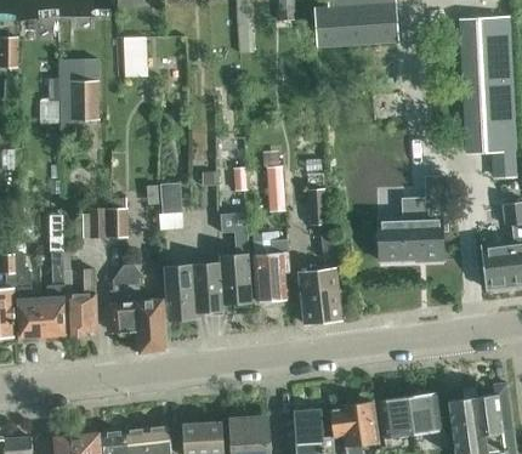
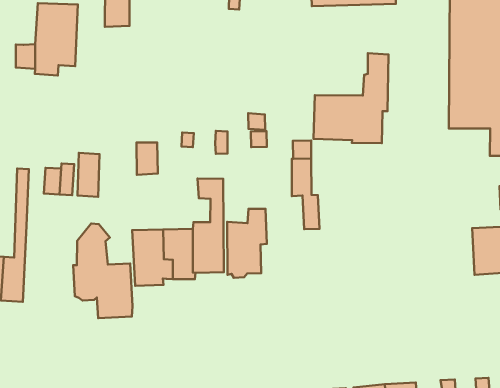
building: [378,176,447,261] -> [313,53,389,143]
building: [295,267,340,324] -> none
building: [62,268,95,339] -> none

